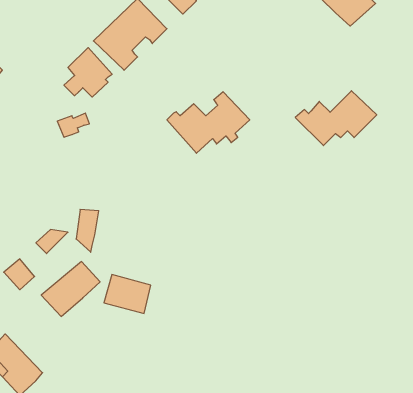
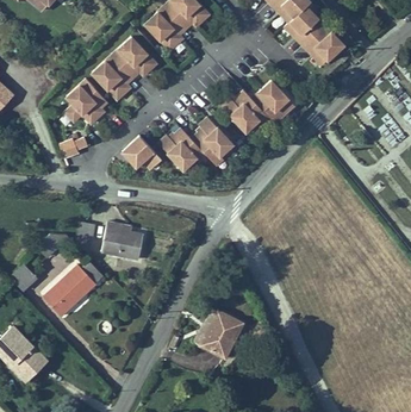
building: [295,91,377,146] -> [223,80,295,129]
building: none -> [120,135,160,168]
building: [104,275,151,313] -> [101,225,143,260]
building: none -> [199,312,241,356]

